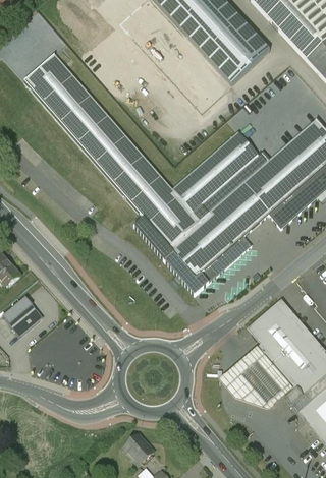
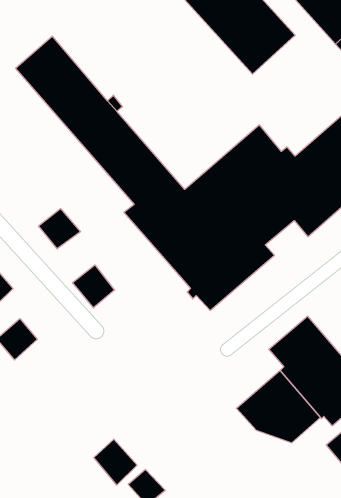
building: none -> [39,209,80,249]
building: none -> [73,265,115,308]
building: none -> [94,439,137,485]

